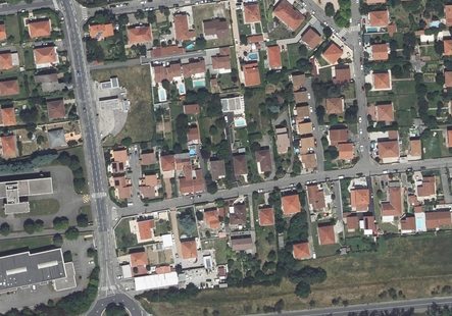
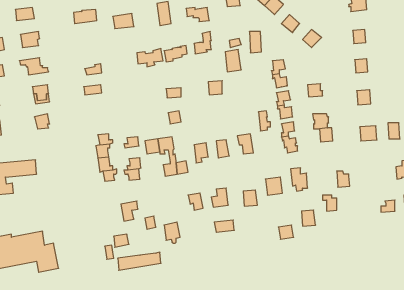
building: [382,181,402,216] -> none

